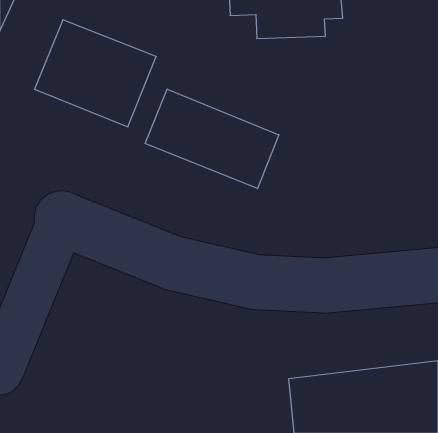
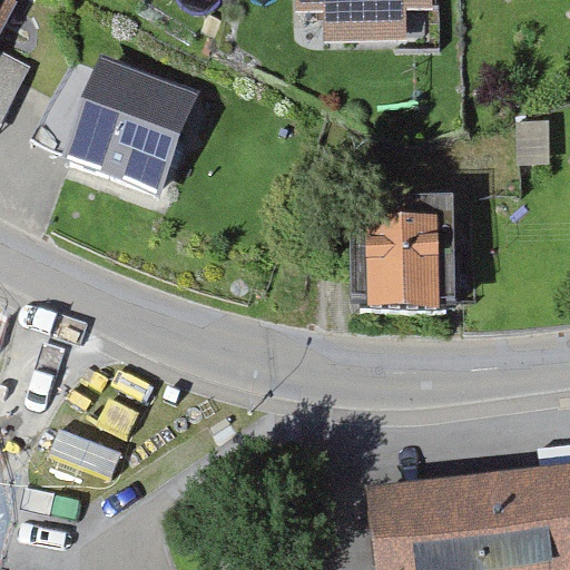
building: [145,89,279,189] -> none
building: none -> [362,236,439,333]

